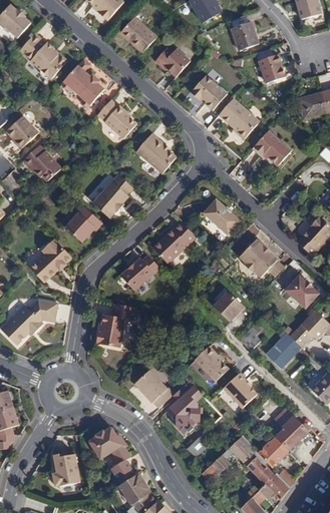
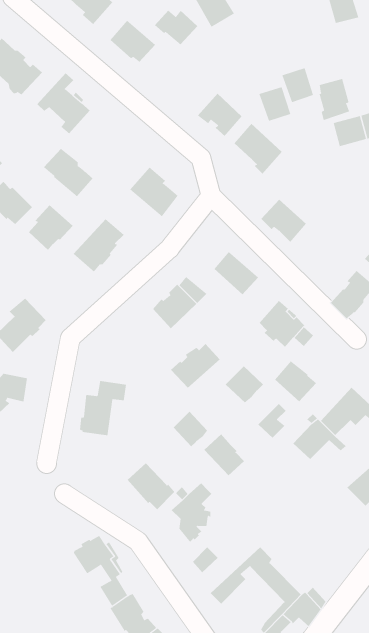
building: [231,22,257,50] -> [258,86,291,122]
building: [155,49,191,77] -> [154,10,198,45]
building: none -> [319,78,350,121]
building: [97,100,137,139] -> [43,148,94,197]
building: [254,131,291,166] -> [260,199,307,243]
building: [64,205,100,242] -> [28,204,73,251]
building: [120,255,160,292] -> [170,343,220,389]
building: [282,274,316,307] -> [274,361,317,402]
building: none -> [173,411,208,447]
building: [224,374,257,409] -> none
building: [241,410,311,467] -> none
building: [52,453,79,486] -> none

